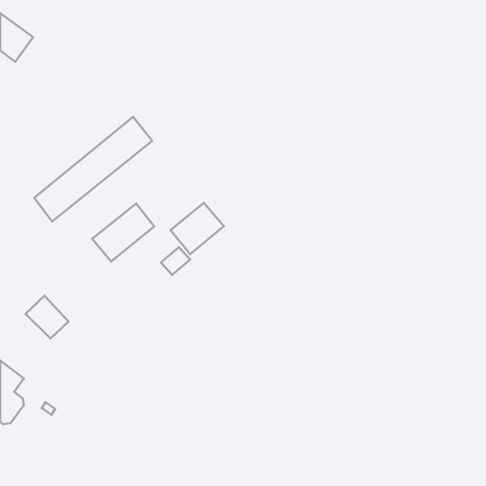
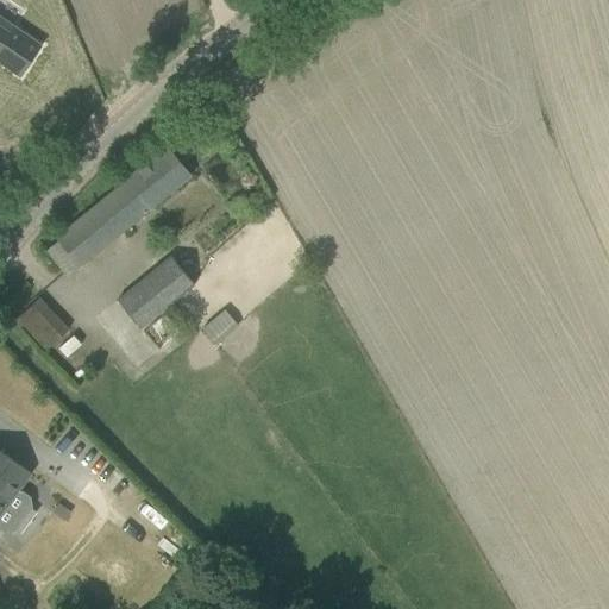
building: [170,203,224,254] -> none
building: [26,296,68,339] -> [14,295,68,349]

